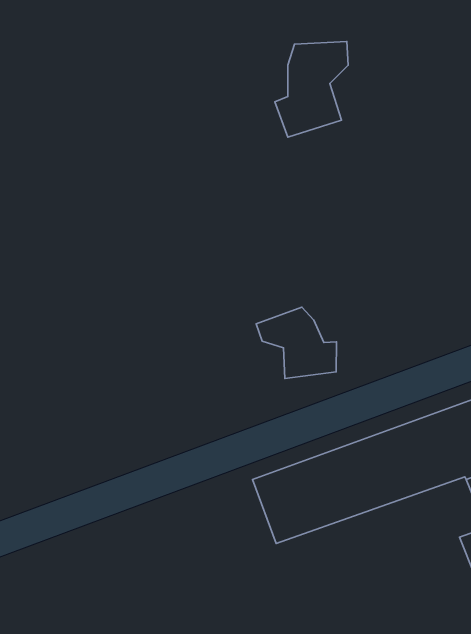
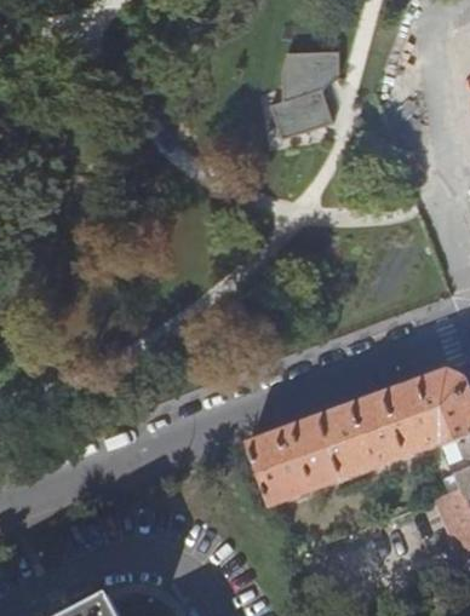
building: [256,307,337,378] -> none

